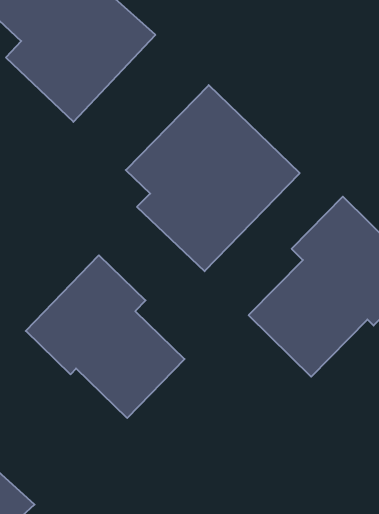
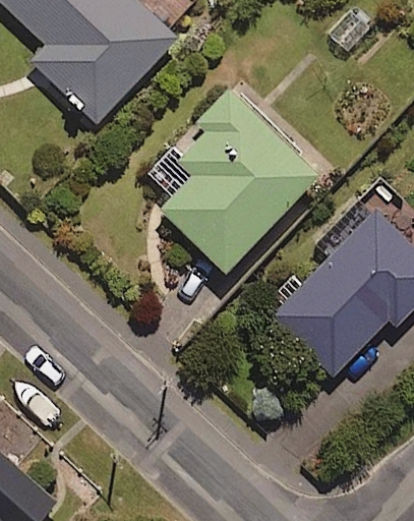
building: [26,255,185,418] -> none

